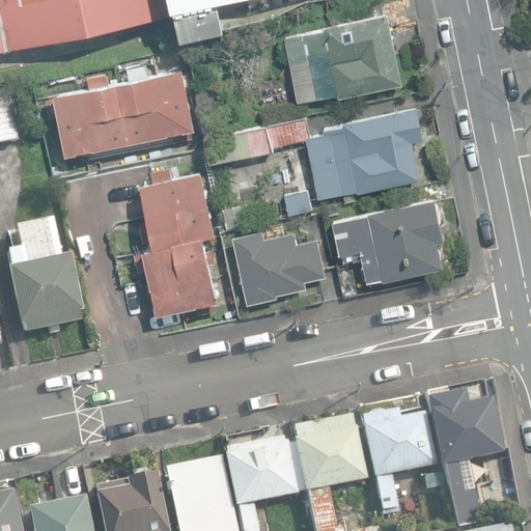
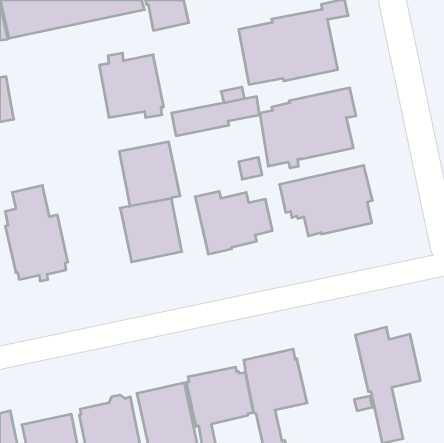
building: [54,74,130,155] -> none
building: [359,412,434,512] -> none

